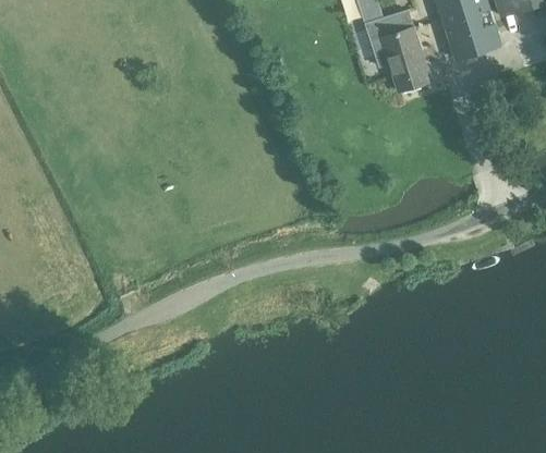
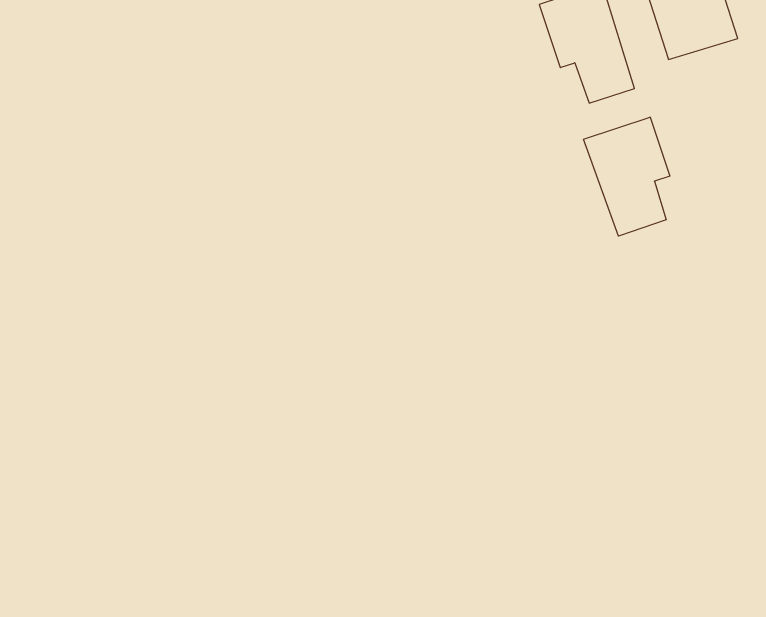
building: none -> [583,117,670,236]

